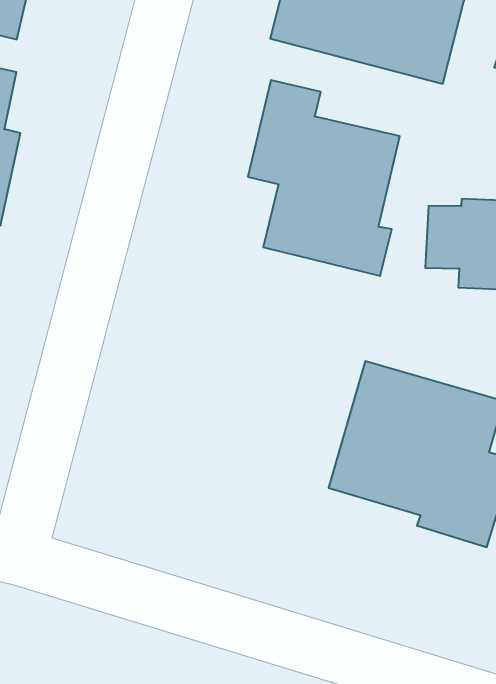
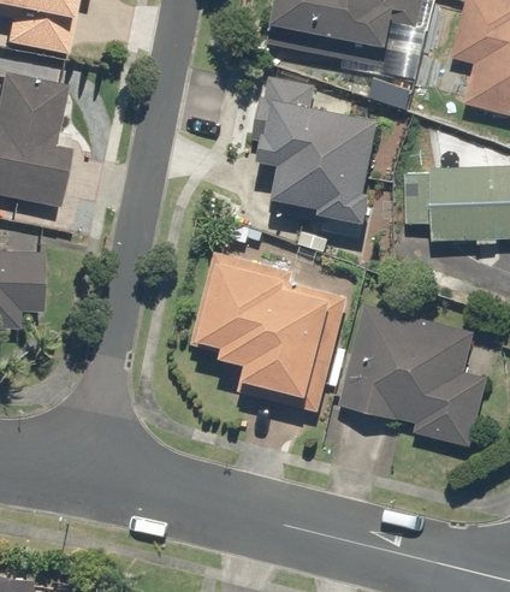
building: none -> [191,249,343,412]

